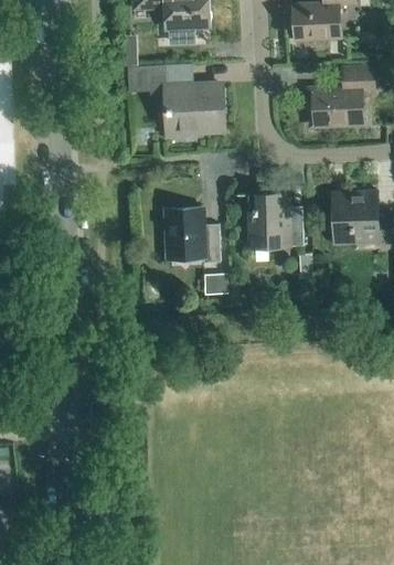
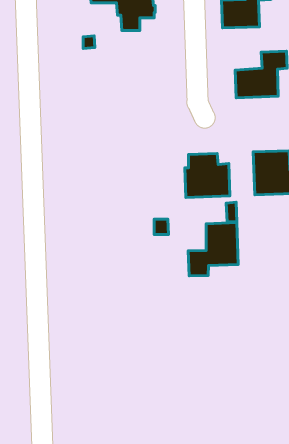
building: [127,65,221,132] -> none
building: [164,209,220,264] -> none
building: none -> [188,223,238,276]

